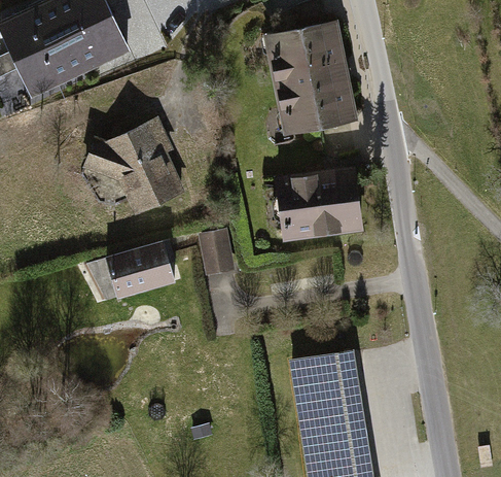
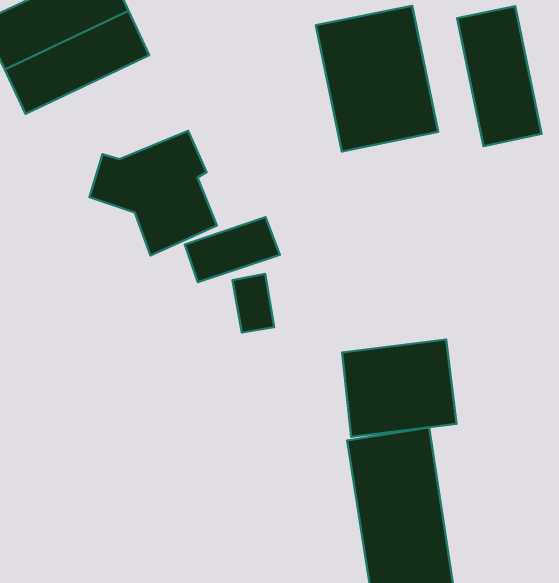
building: none -> [457,6,542,146]
building: [275,165,365,242] -> [342,339,457,437]
building: [100,246,175,298] -> [185,217,280,282]

